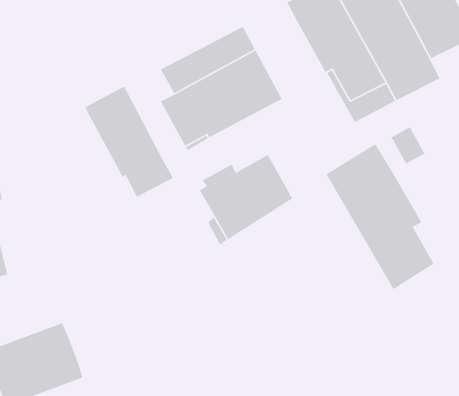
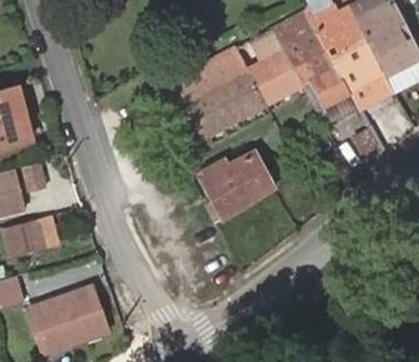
building: none -> [246,48,303,106]
building: [84,86,174,198] -> none
building: [325,143,435,290] -> none

